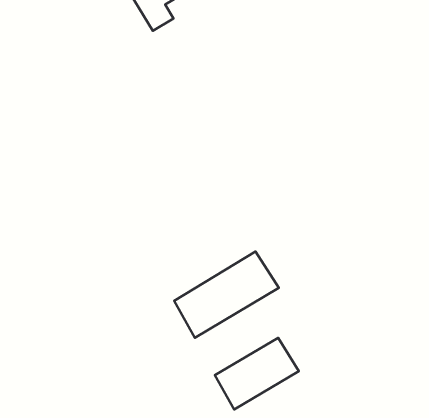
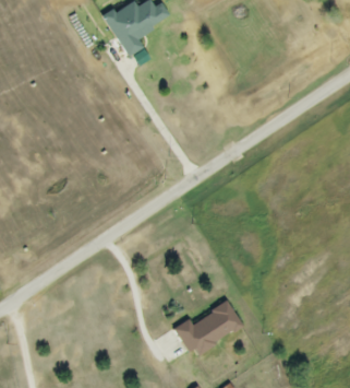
building: [174,251,279,338] -> none

